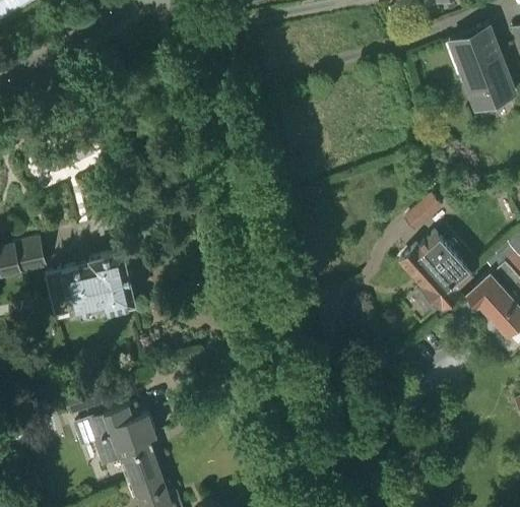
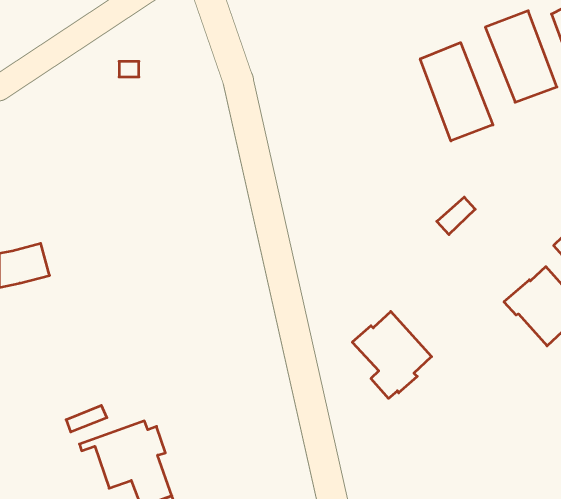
building: none -> [420,43,493,141]
building: [399,234,472,314] -> [352,311,432,398]
building: [44,251,135,319] -> none

